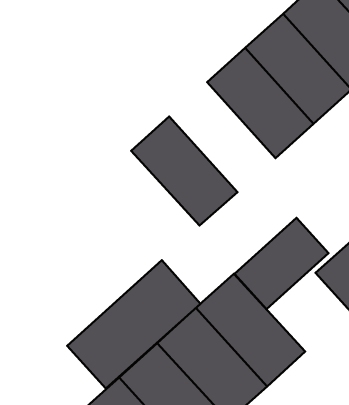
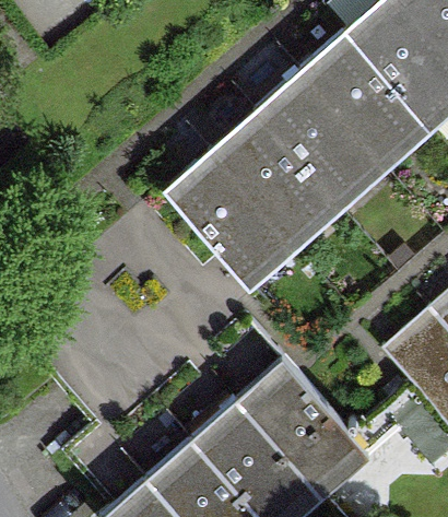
building: none -> [213,122,339,252]
building: [234,218,329,309] -> none
building: [67,260,200,389] -> none

